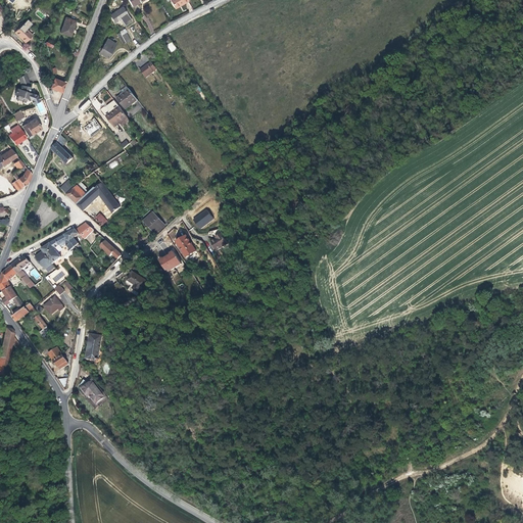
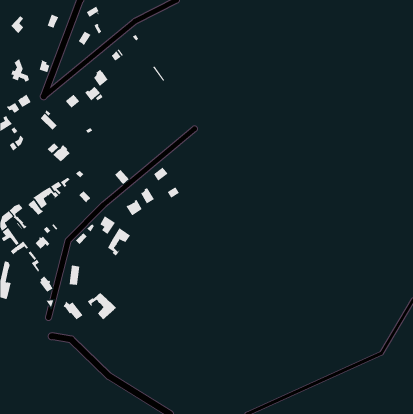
building: [77,183,121,213] -> none
building: none -> [107,227,131,257]
building: none -> [87,292,117,320]

